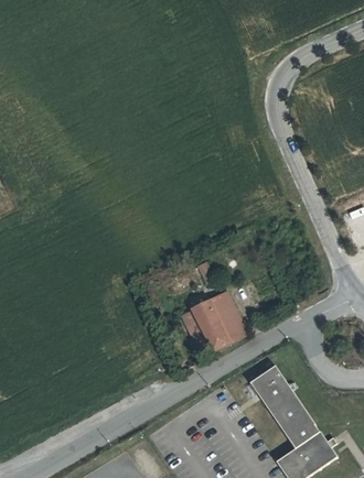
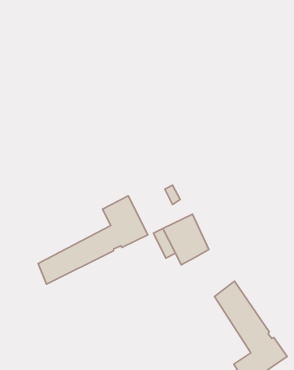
building: none -> [38,196,148,284]

